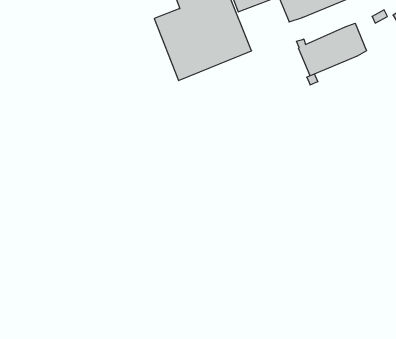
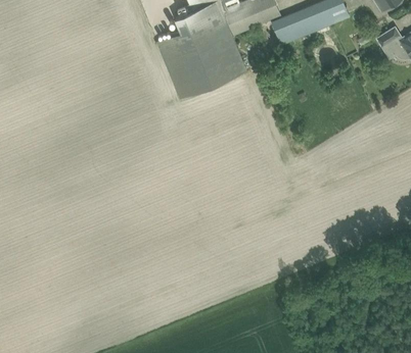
building: [296,23,367,76] -> none

